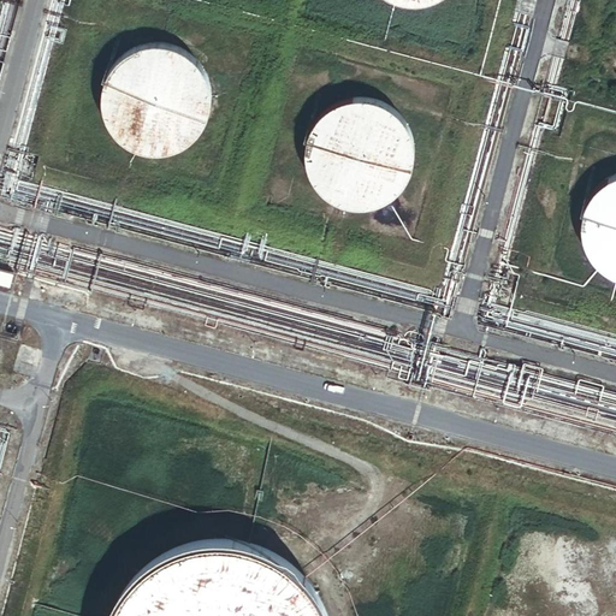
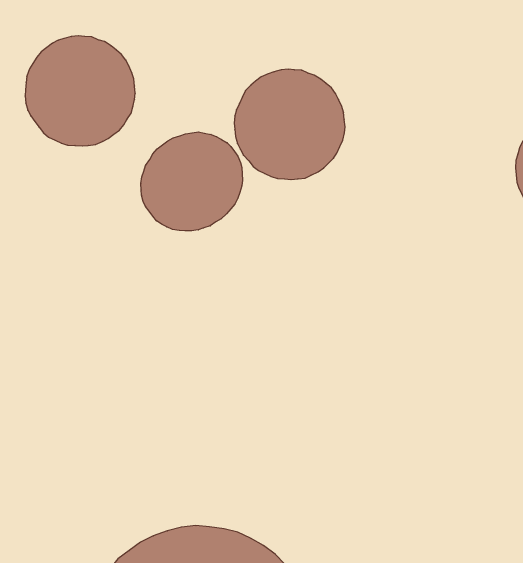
building: none -> [141,132,243,231]

